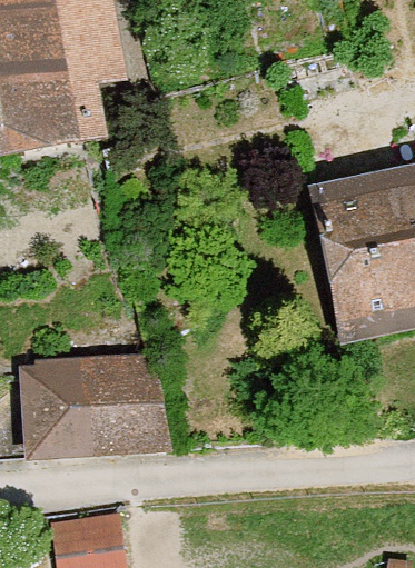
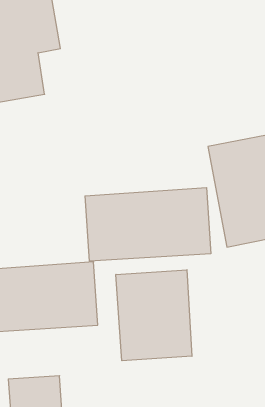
building: none -> [85,188,211,261]
building: none -> [116,270,192,361]

